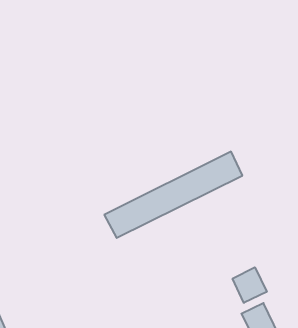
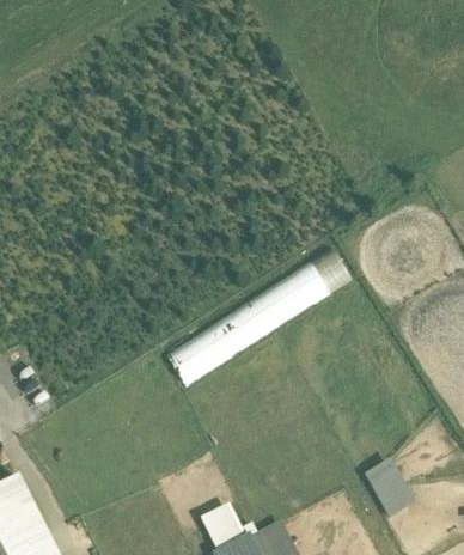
building: [233,267,267,303] -> none

